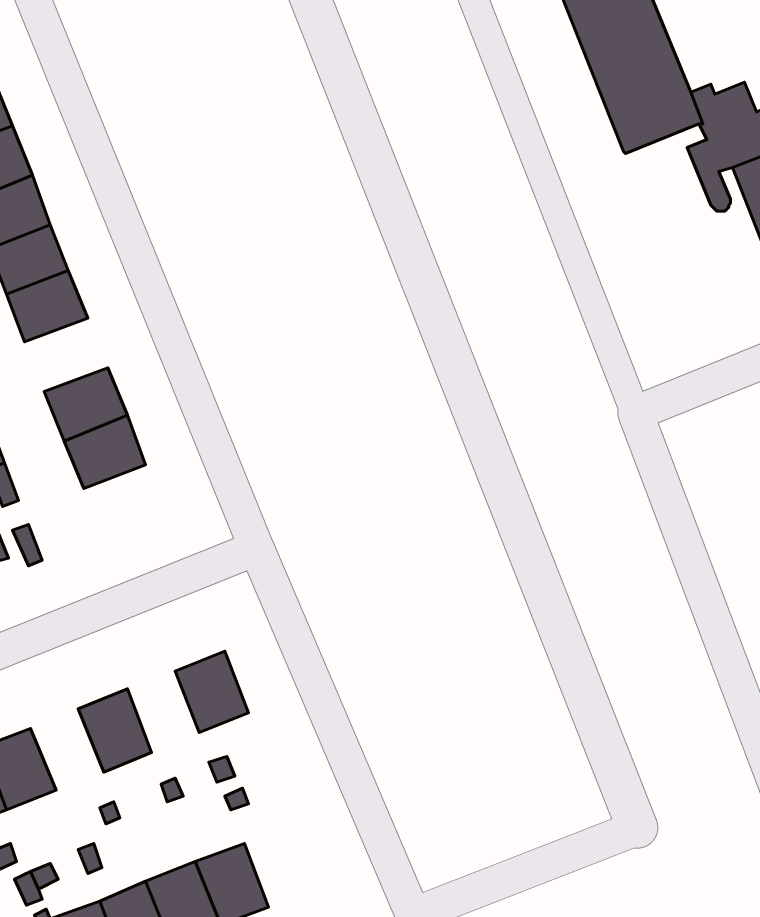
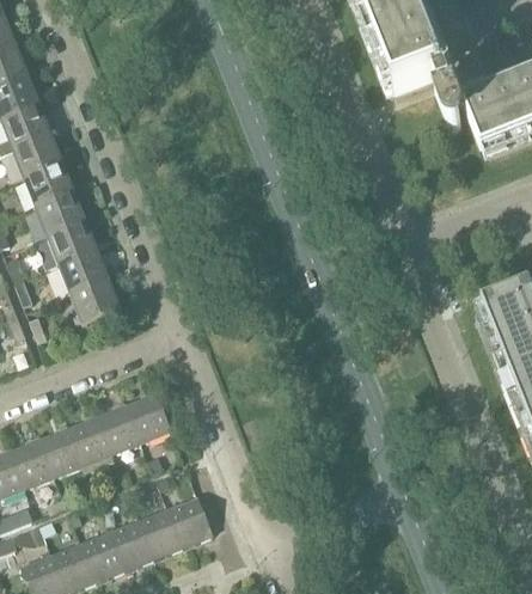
building: none -> [36,192,86,237]
building: none -> [72,281,121,324]
building: none -> [98,405,141,454]
building: none -> [39,428,84,477]
building: none -> [169,497,213,547]

